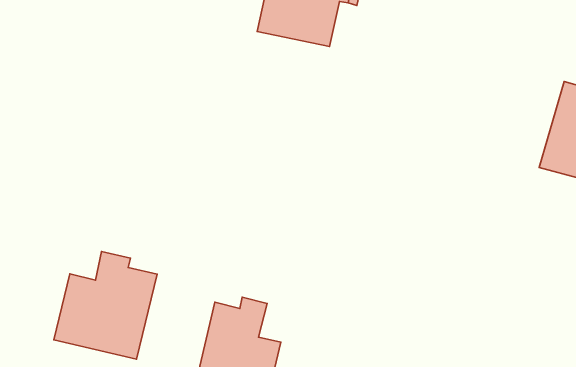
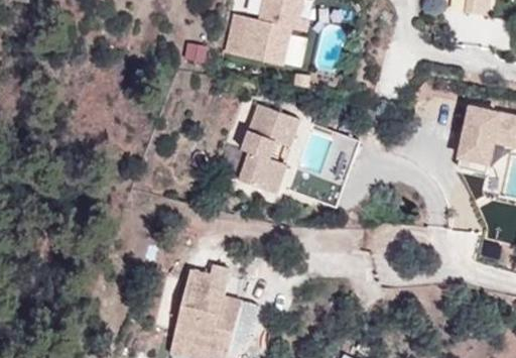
building: none -> [240,104,299,194]
building: [54,251,157,359] -> none

